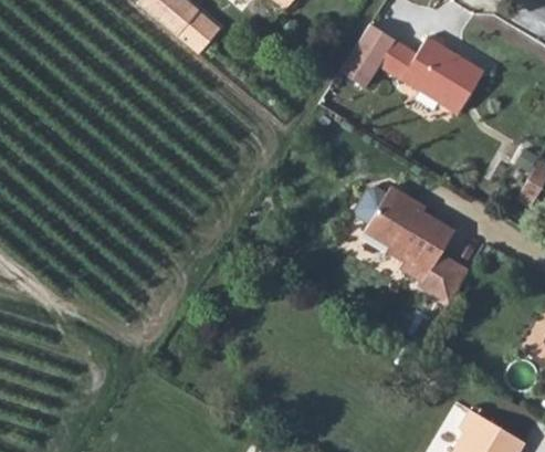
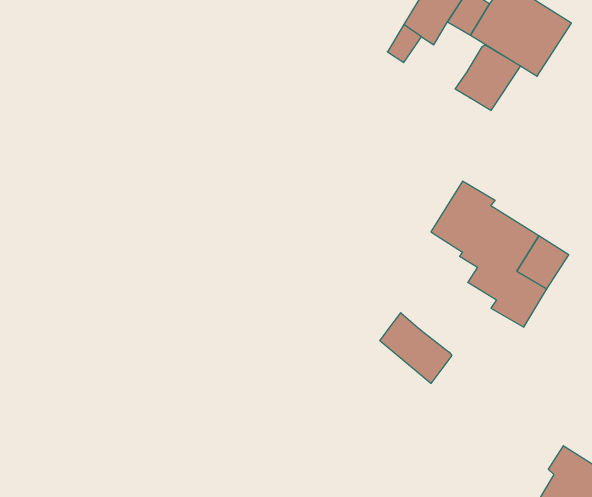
building: none -> [455,45,520,110]
building: none -> [380,313,452,383]

